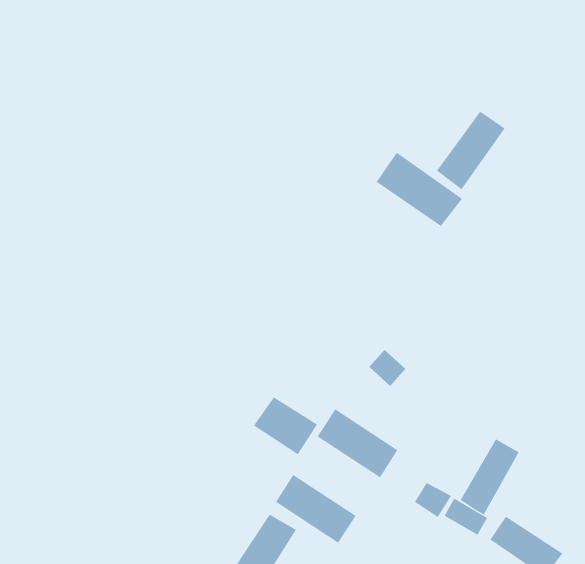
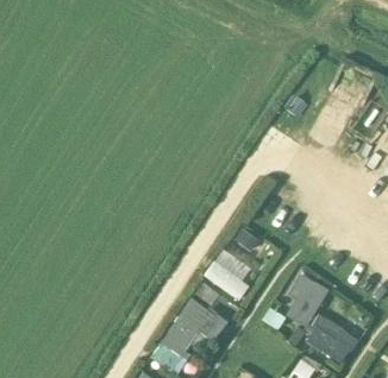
building: [376,152,463,227] -> none
building: [253,397,318,455] -> none

